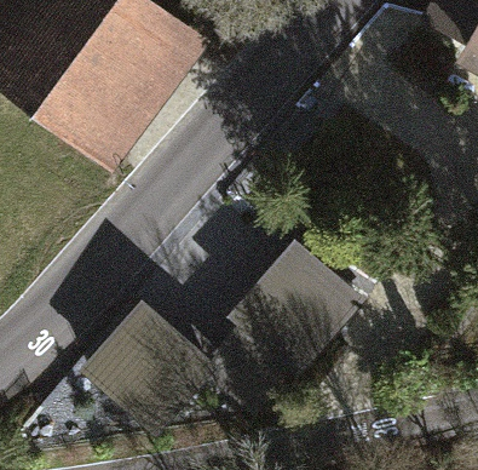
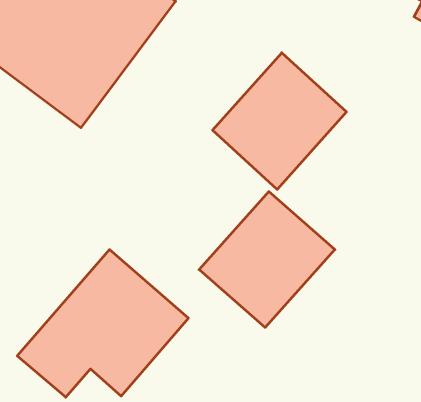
building: none -> [213,53,346,189]

